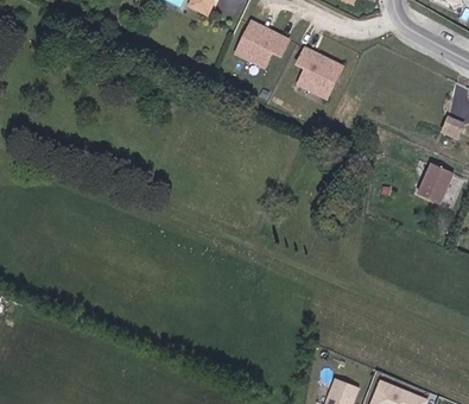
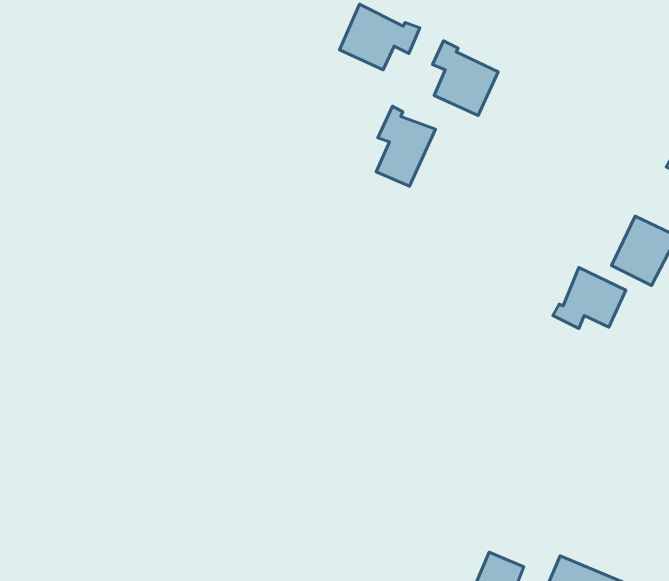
building: none -> [376,106,435,186]
building: none -> [553,268,626,328]

